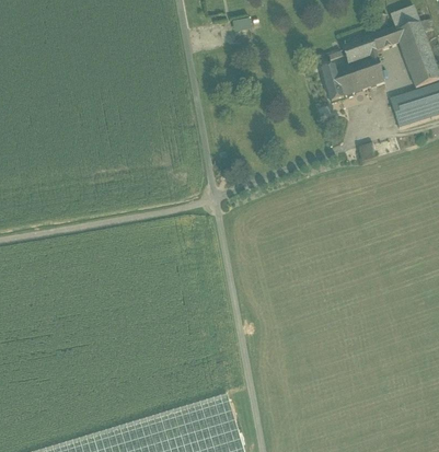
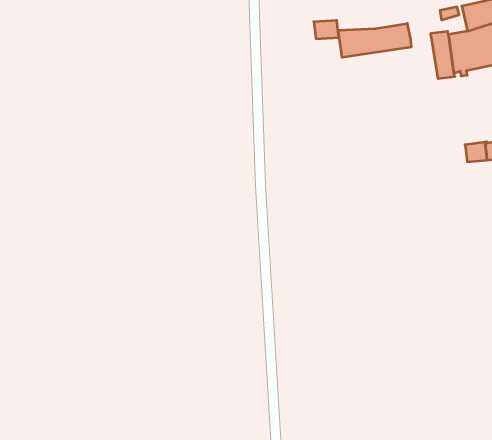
building: none -> [338,23,411,57]

